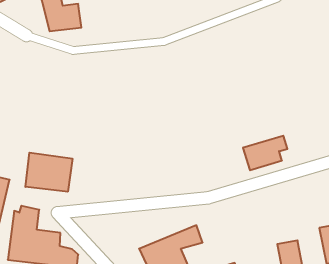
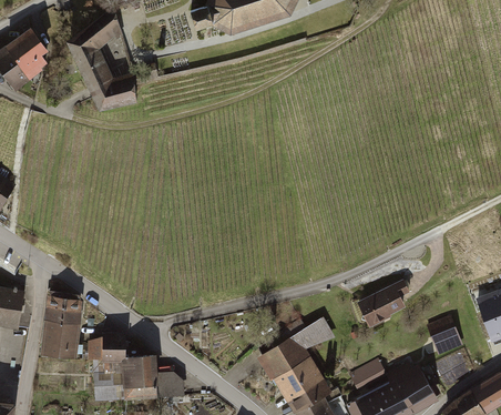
building: [243,136,287,170] -> [355,277,410,327]
building: [25,153,72,192] -> none

